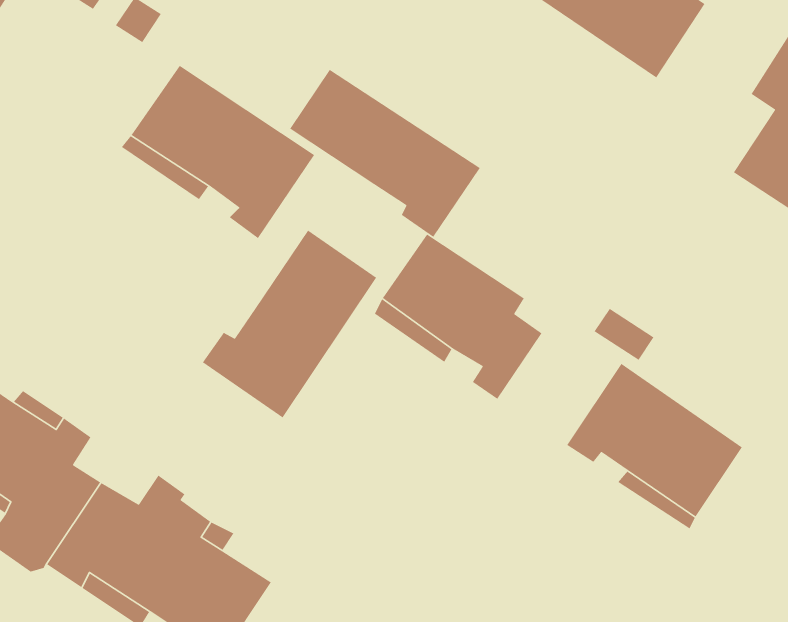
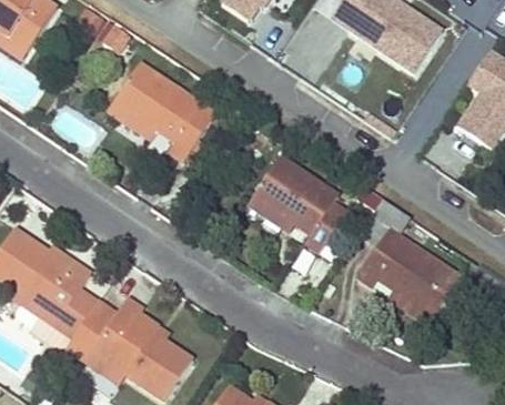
building: [289,69,481,238] -> none
building: [202,229,377,418] -> none

